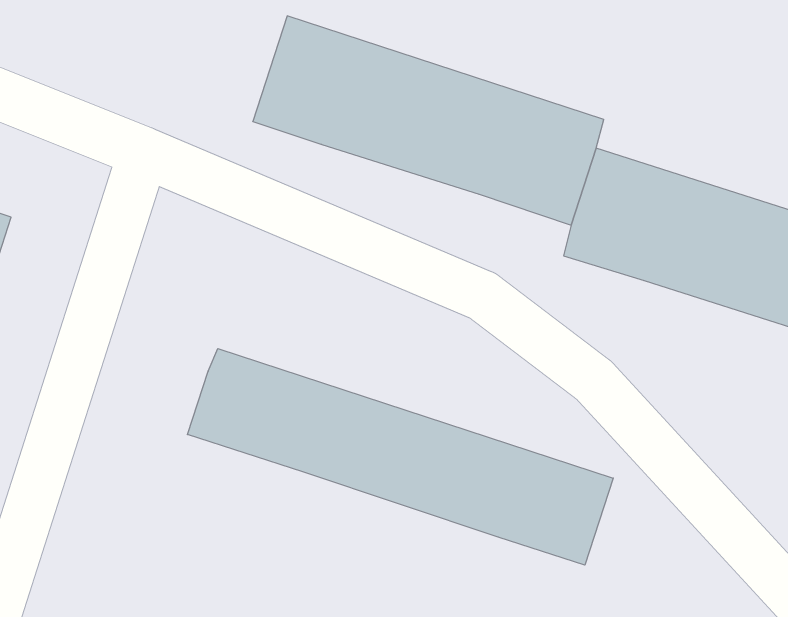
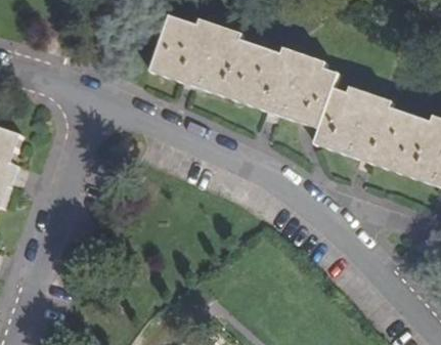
building: [187,349,613,565] -> none

